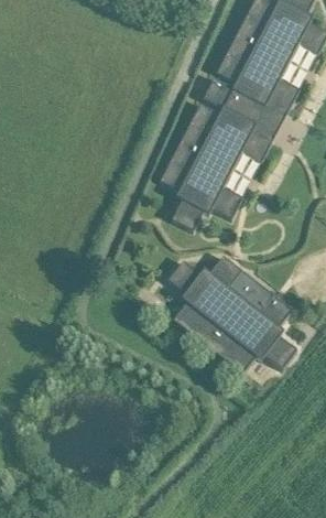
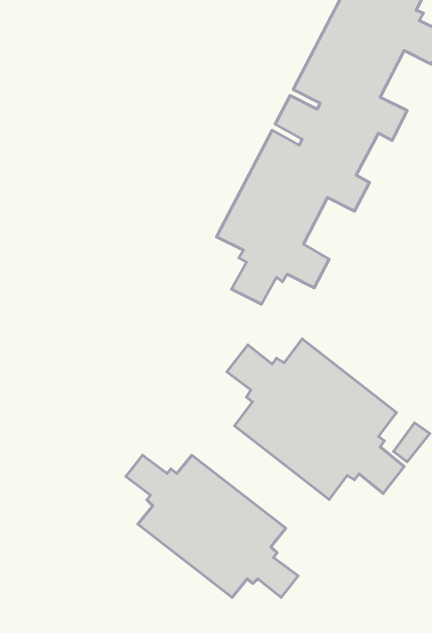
building: none -> [126,455,298,597]

